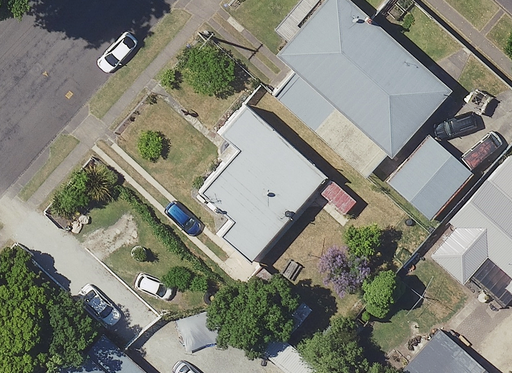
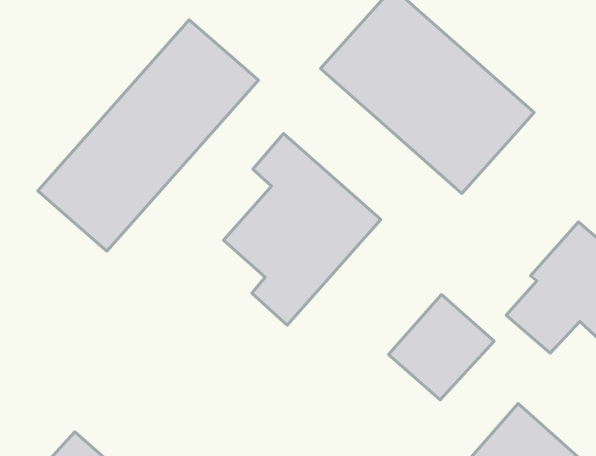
building: none -> [38,20,258,251]
building: [391,136,477,222] -> [389,294,494,400]

